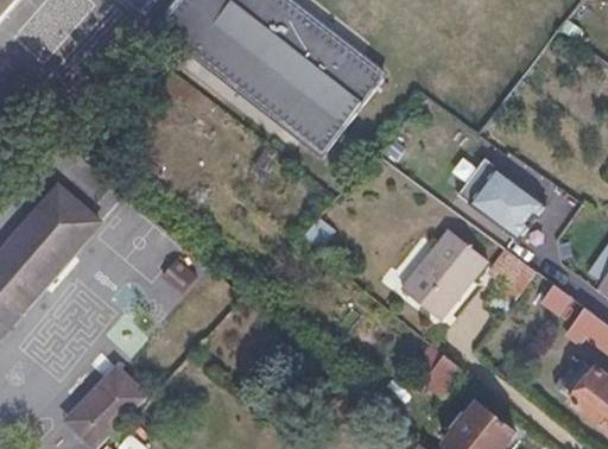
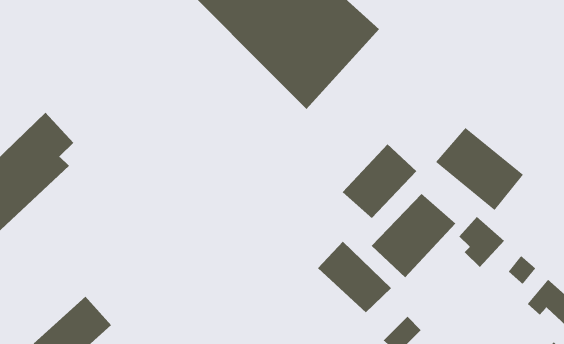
building: none -> [342,143,417,219]
building: none -> [317,241,392,313]

